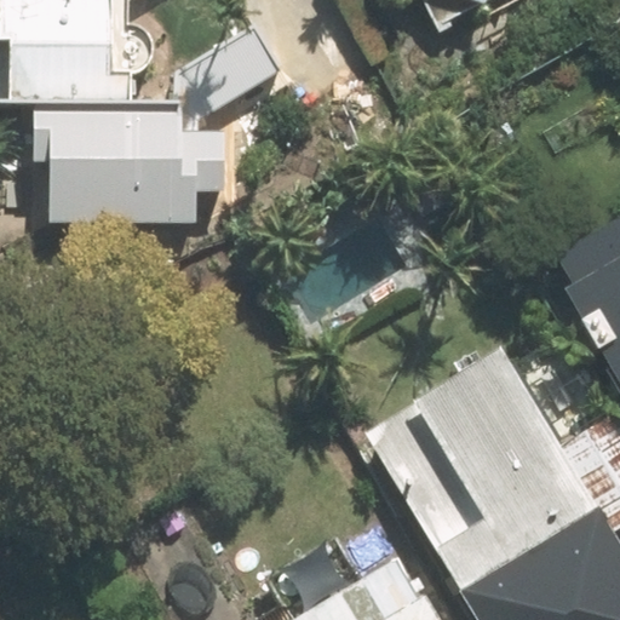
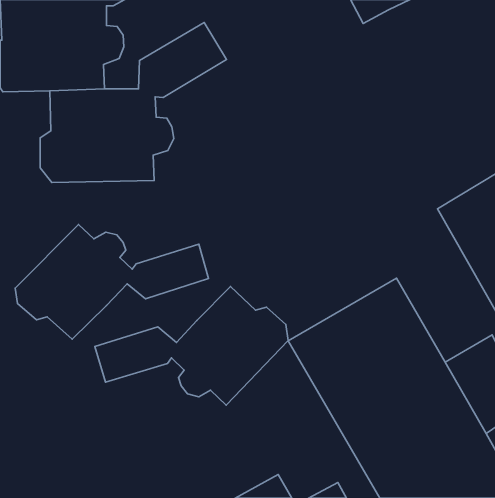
building: none -> [15,224,209,339]
building: none -> [95,287,288,405]

